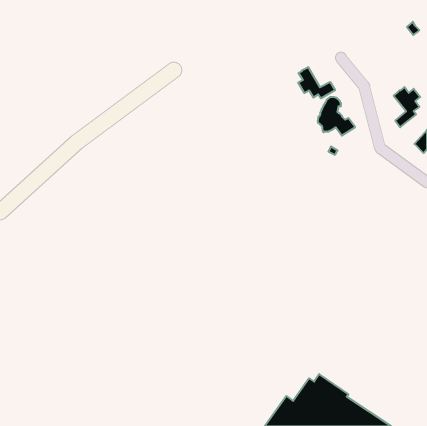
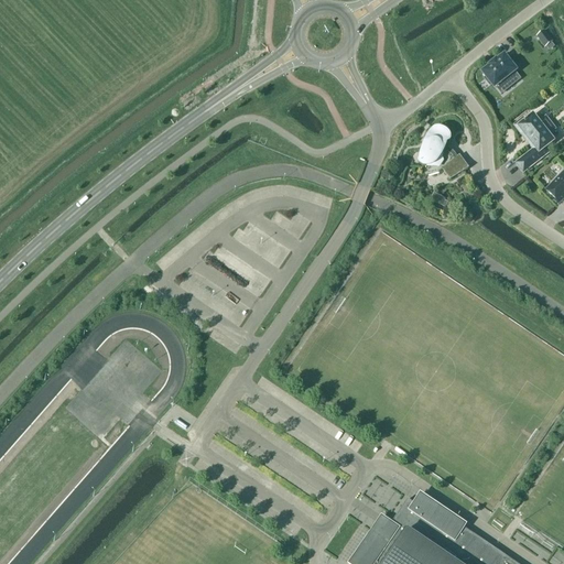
building: none -> [484,55,517,86]
building: [298,67,335,98] -> none

